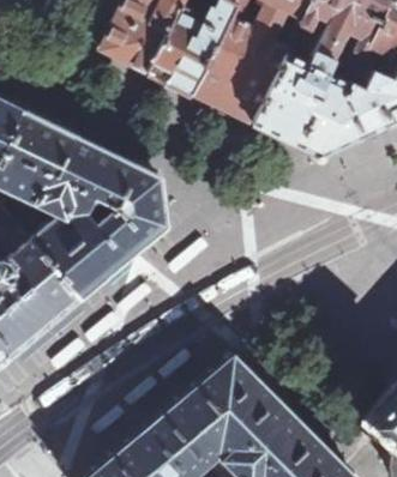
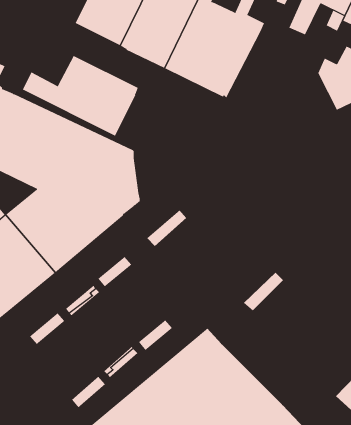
building: [254,52,365,156] -> none
building: none -> [22,55,139,136]

